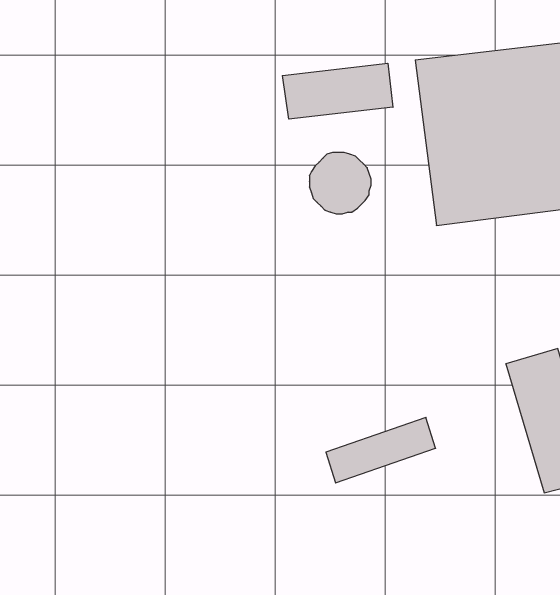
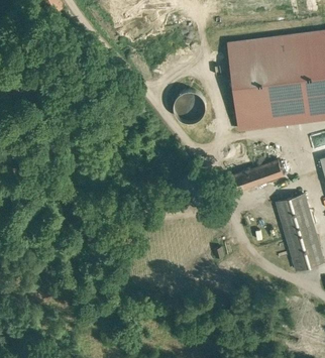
building: [282,63,393,119] -> none
building: [326,417,436,483] -> [225,159,283,194]

